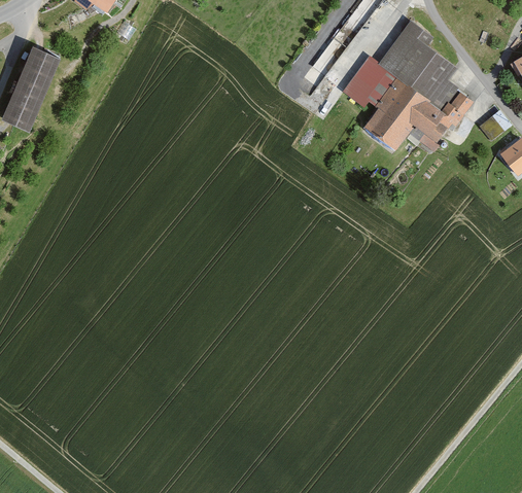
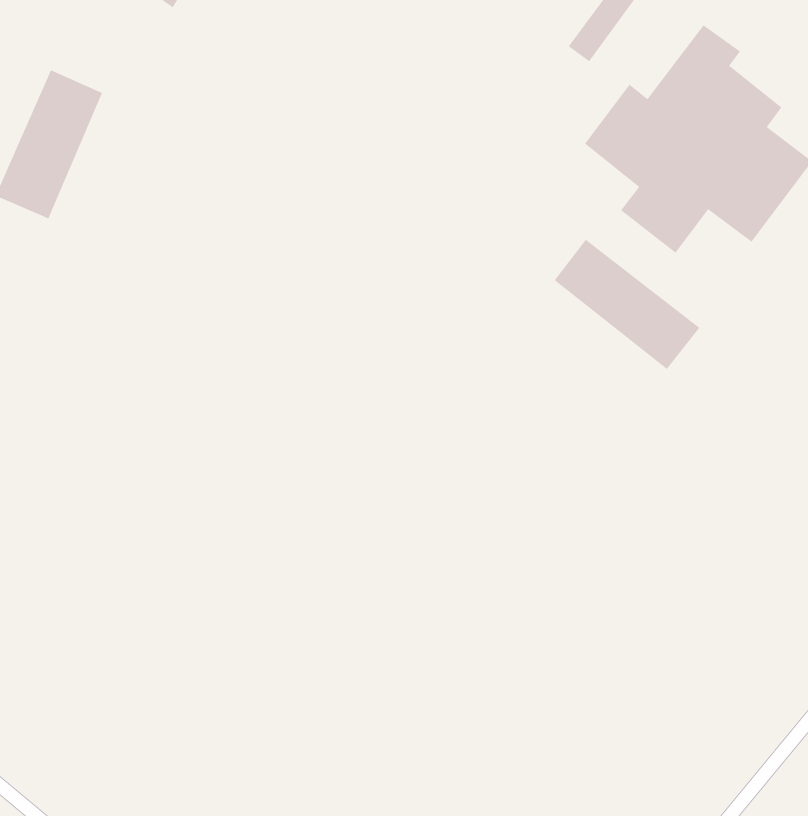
building: none -> [554,239,700,370]

